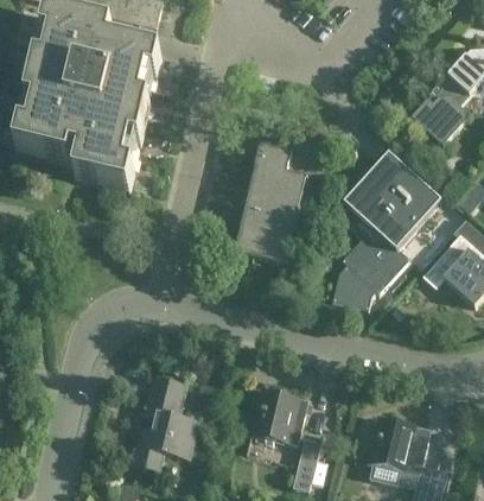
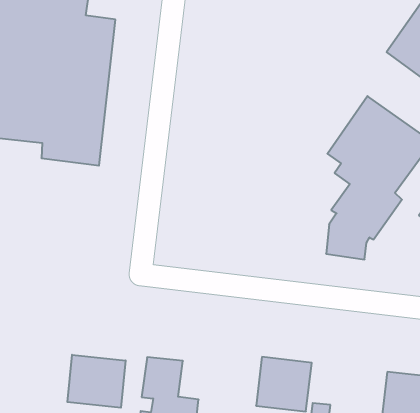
building: [234,140,335,266] -> none
building: none -> [67,355,126,408]

